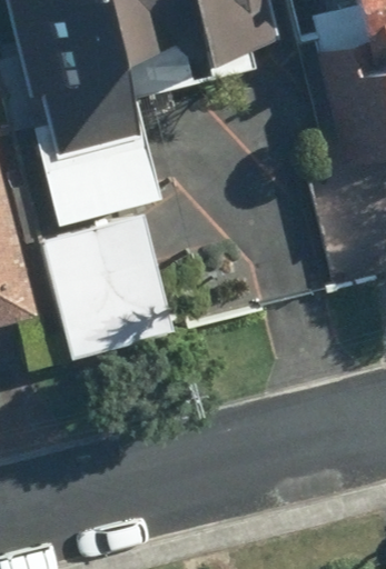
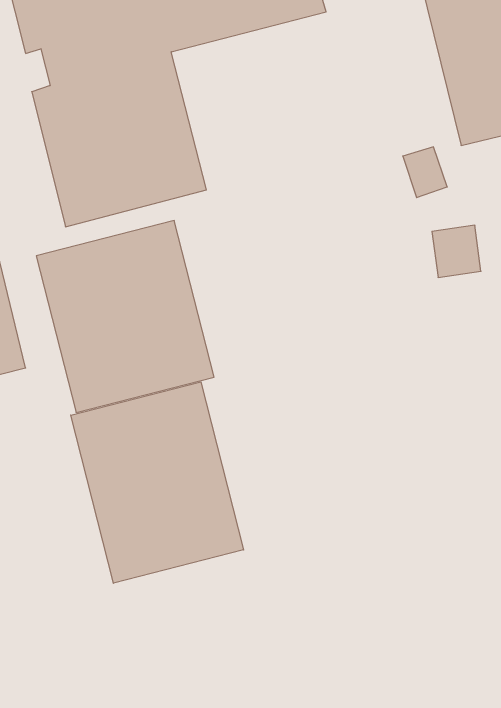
building: none -> [71,382,244,583]

